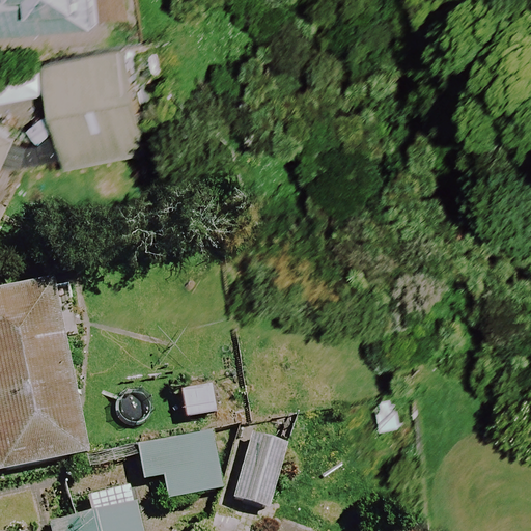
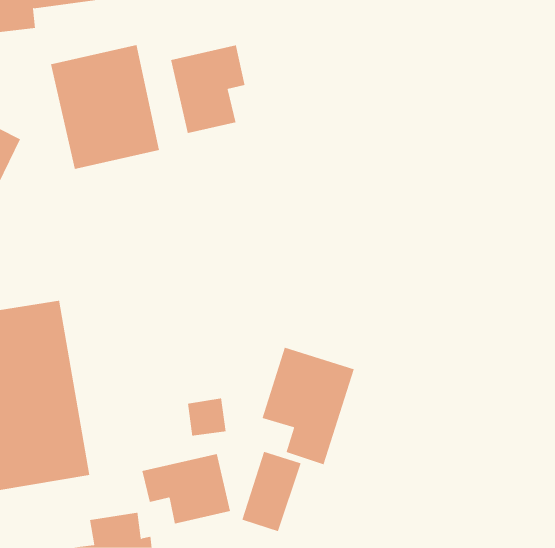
building: none -> [170,45,245,134]
building: none -> [262,347,354,465]

